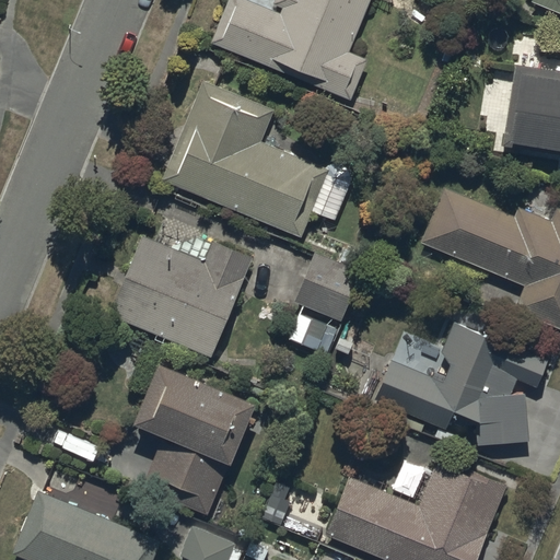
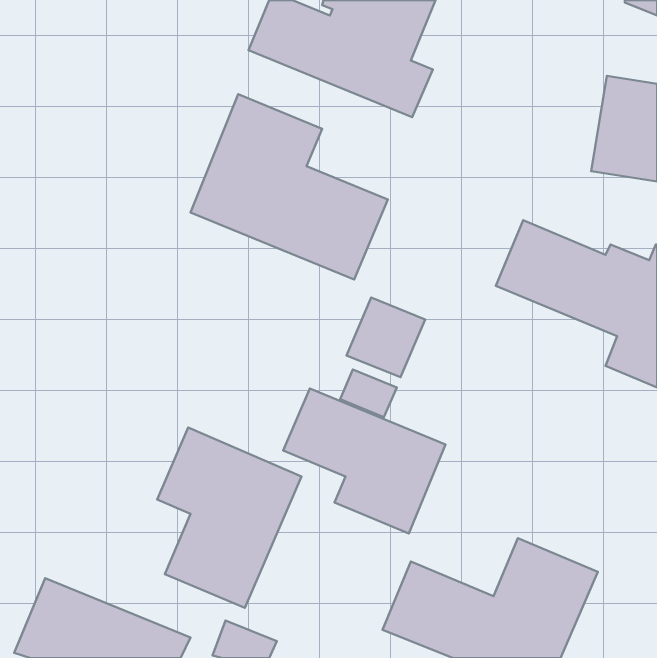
building: [110,235,253,357] -> none
building: [375,322,549,445] -> none
building: none -> [283,389,446,533]

